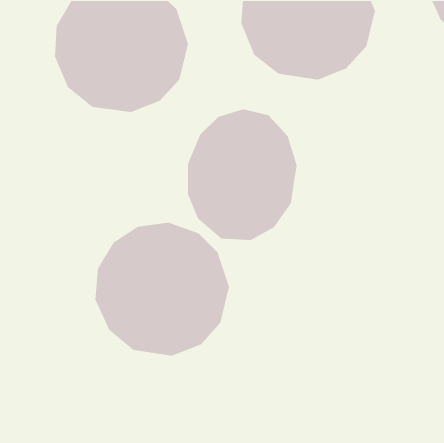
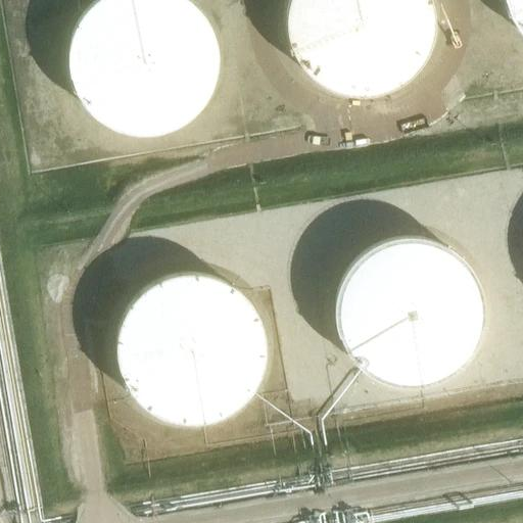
building: [187,108,297,241] -> none
building: none -> [336,228,493,385]

